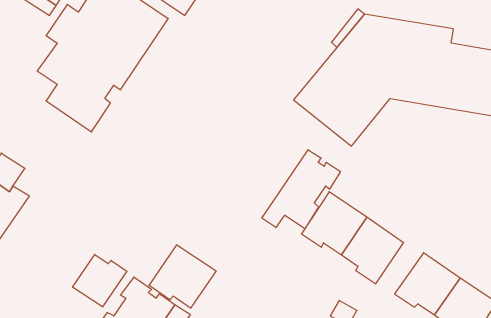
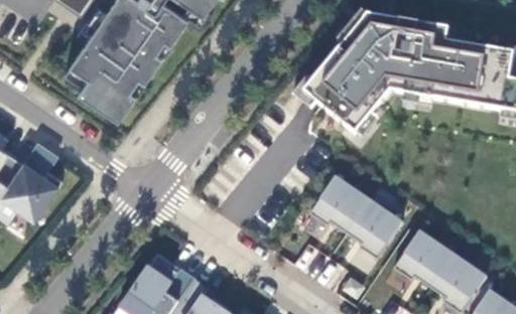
building: [262,150,340,229] -> none
building: [149,245,216,308] -> none
building: [73,254,127,307] -> none

